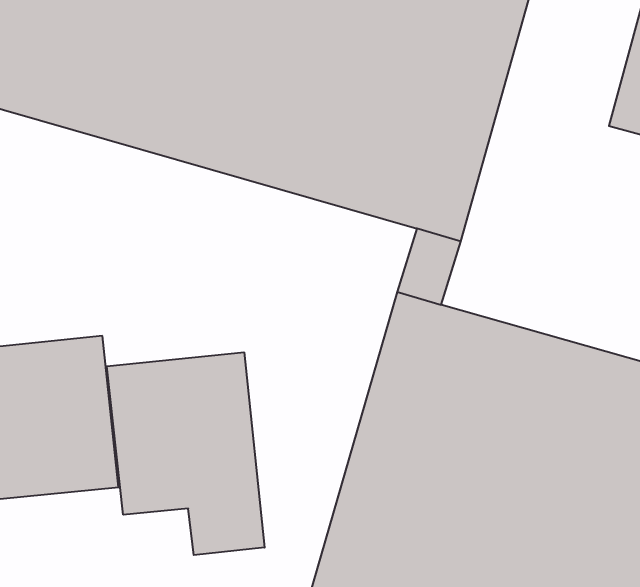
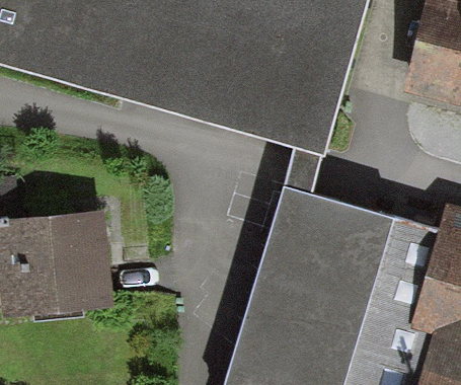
building: [107,352,265,555] -> none

